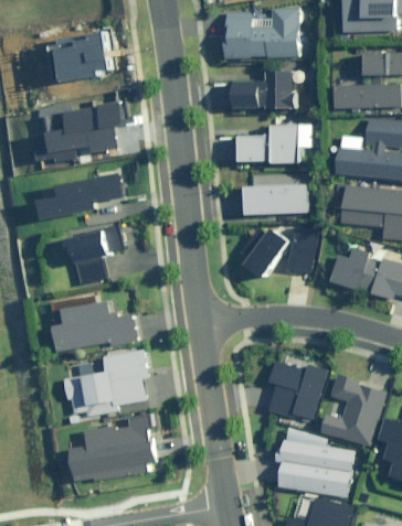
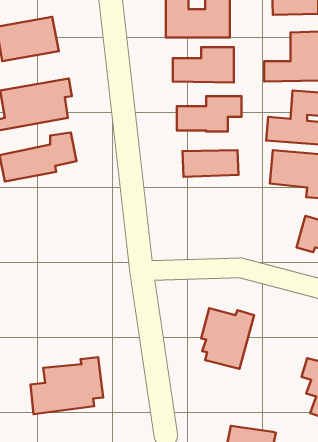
building: [71,223,126,265] -> none
building: [239,227,287,277] -> none
building: [287,229,316,272] -> none
building: [329,246,381,293] -> none
building: [77,264,106,288] -> none
building: [55,301,137,351] -> none
building: [65,348,148,417] -> none
building: [321,376,385,446] -> none
building: [275,439,353,496] -> none

